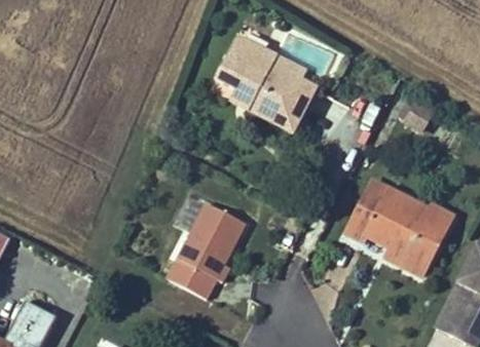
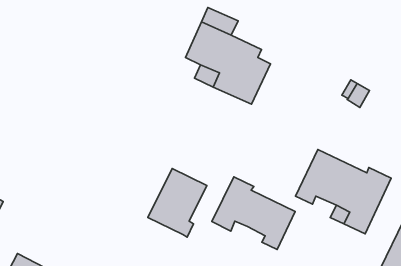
building: none -> [212,177,295,250]
building: [165,259,215,299] -> none

